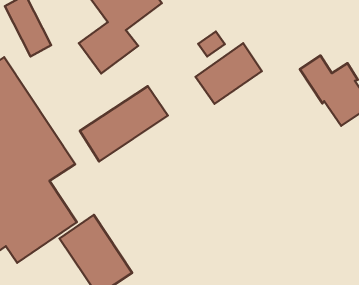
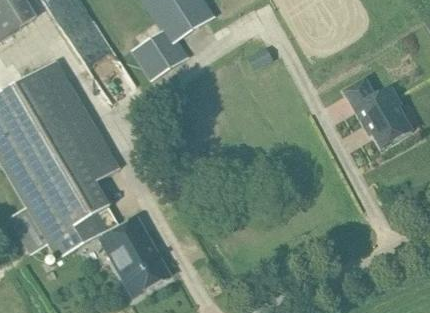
building: [196,43,262,104] -> none
building: [80,86,168,161] -> none

